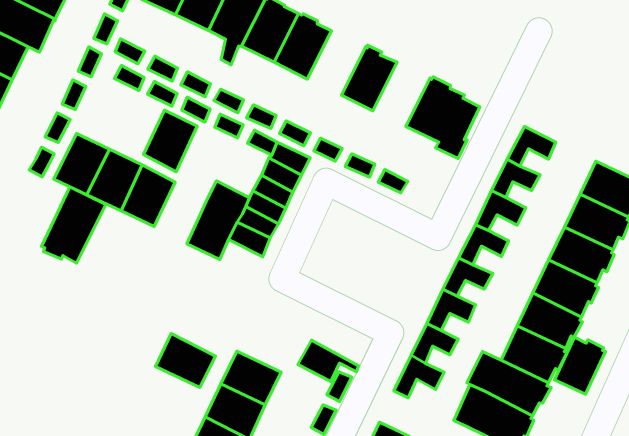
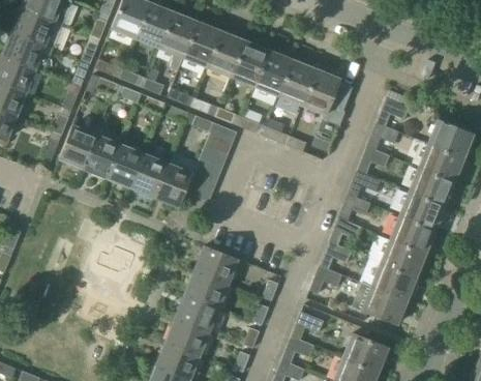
building: none -> [231,40,270,86]
building: none -> [278,59,317,105]
building: [143,110,197,172] -> [131,155,168,198]
building: [41,187,106,263] -> none
building: [155,334,215,388] -> [196,246,237,283]
building: [554,337,606,394] -> none

